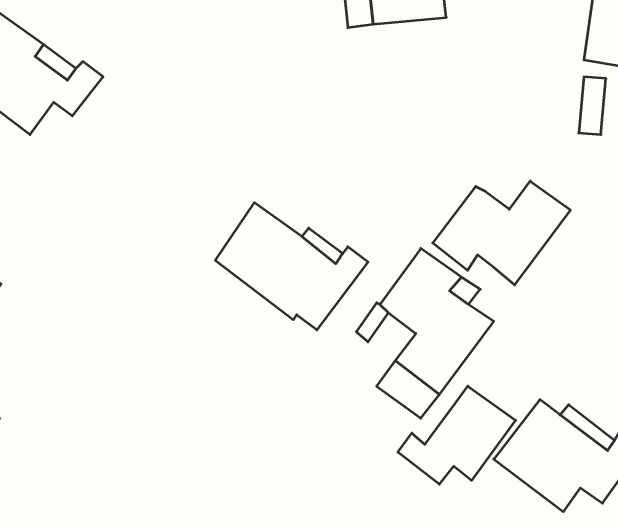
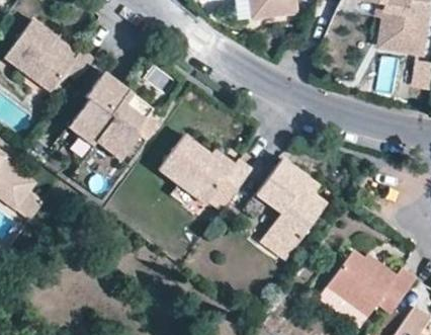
building: none -> [72,75,146,152]
building: [433,181,570,285] -> none
building: [398,386,516,484] -> none

